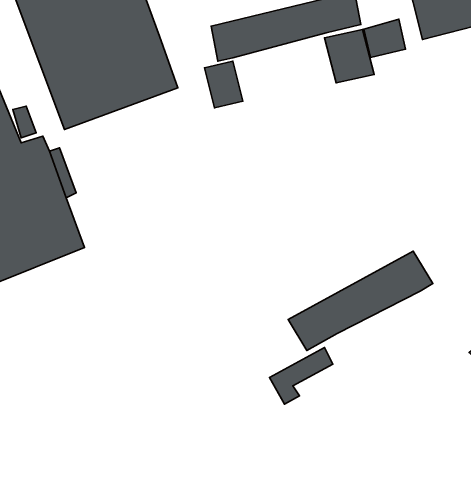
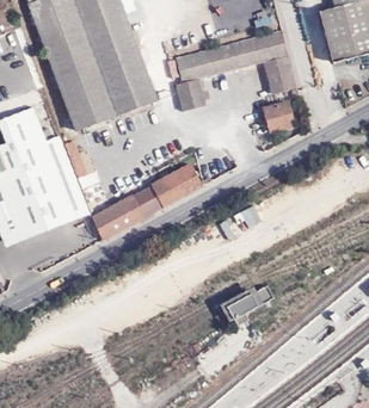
building: [364,19,406,57] -> [264,103,294,130]
building: none -> [92,166,202,237]
building: [288,251,433,350] -> none

